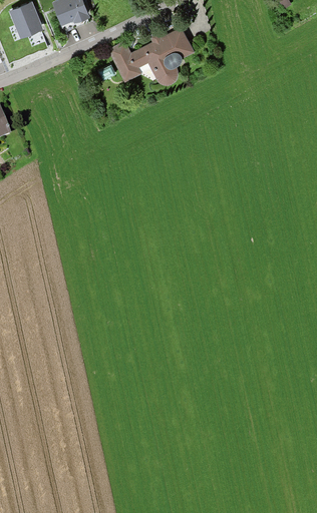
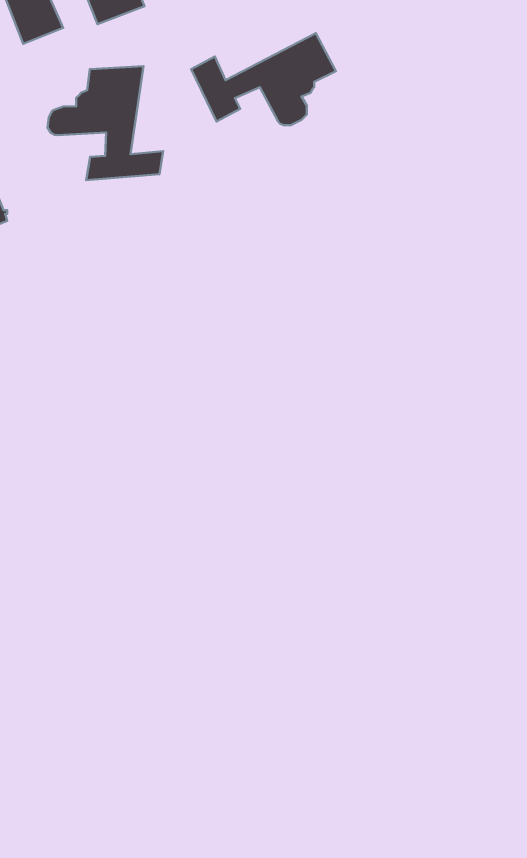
building: none -> [47,66,163,180]

